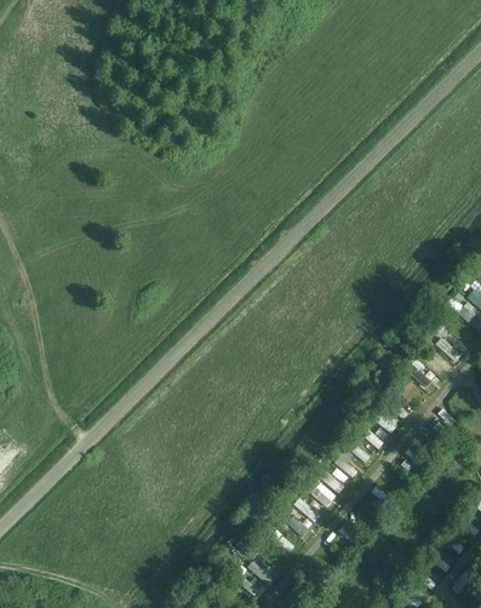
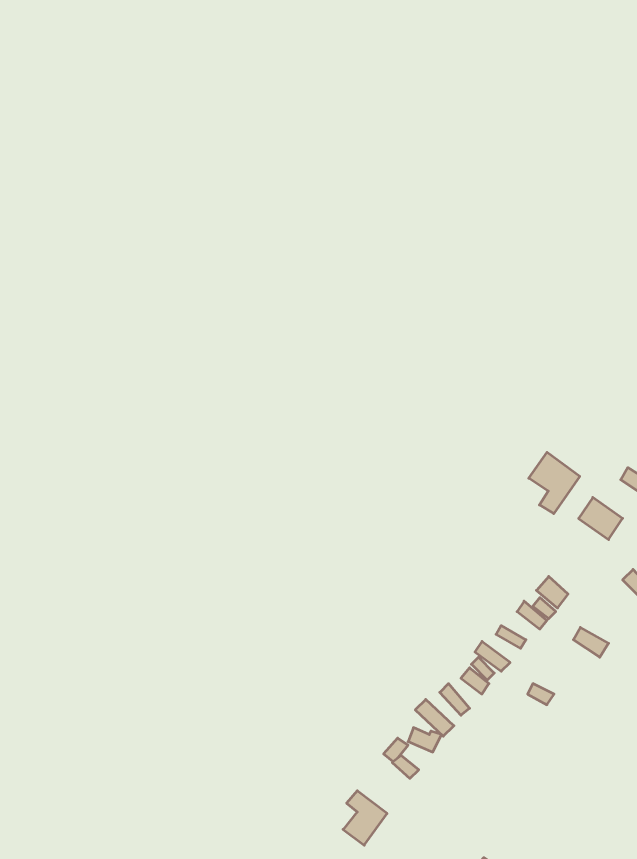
building: none -> [529,452,580,514]

